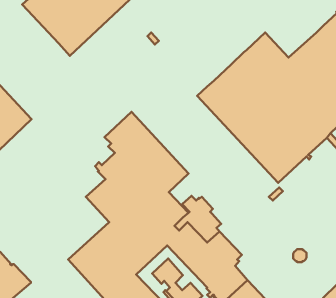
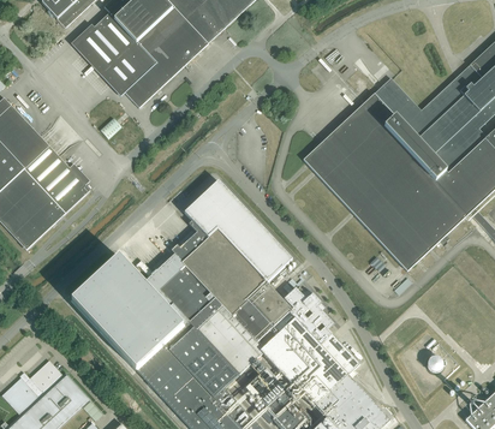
building: none -> [71,252,189,369]

